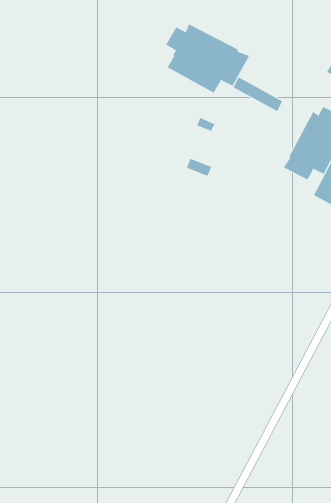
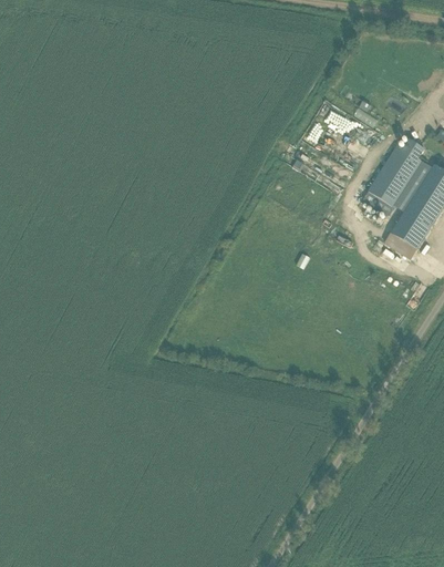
building: [165,24,250,94] -> none

